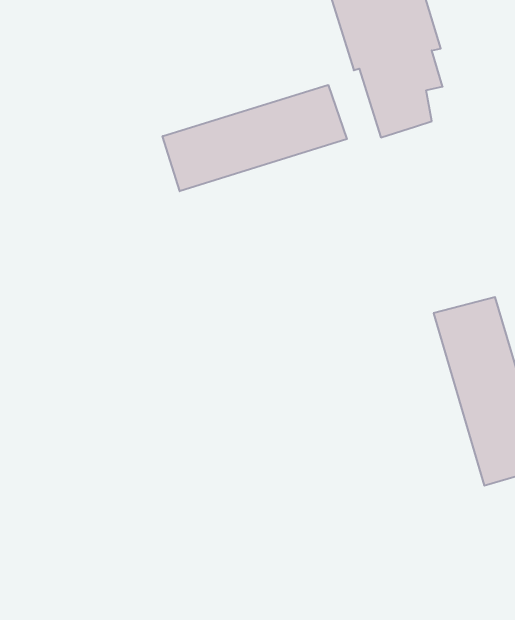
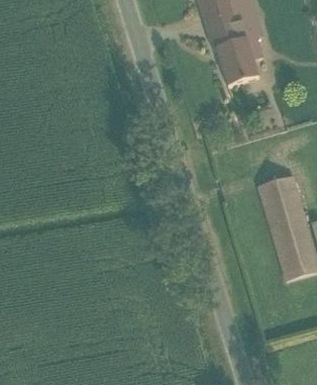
building: [163,85,347,191] -> none

